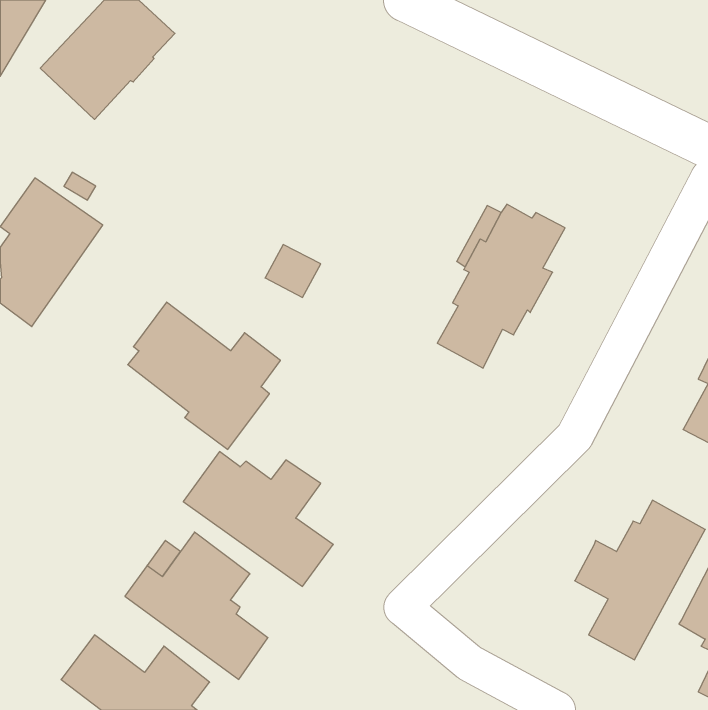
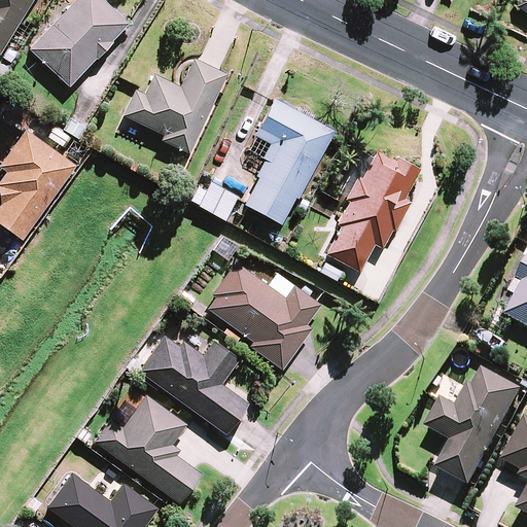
building: none -> [122,58,226,153]
building: none -> [244,98,335,224]
building: [128,302,280,449] -> [207,261,320,371]

